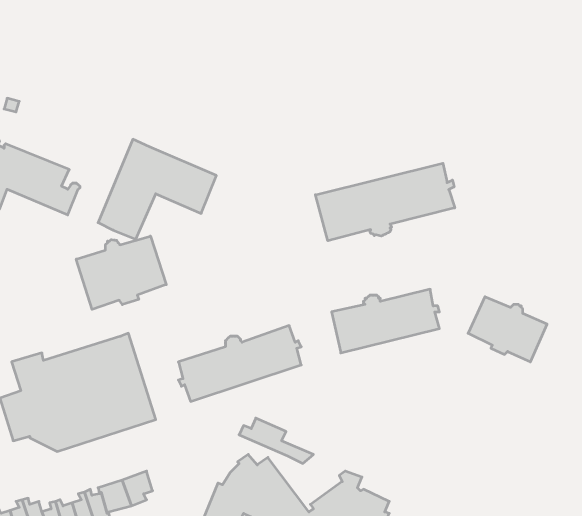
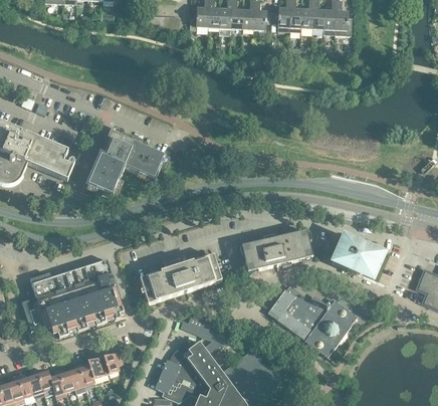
building: [315,163,455,241] -> none
building: [76,236,166,309] -> none
building: none -> [267,286,357,358]

